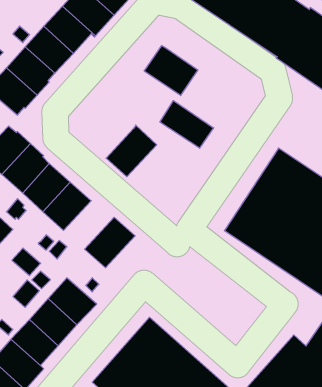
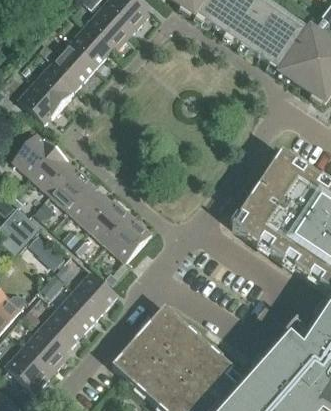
building: [144,46,198,96] -> none
building: [160,101,214,148] -> none
building: [106,125,157,177] -> [86,198,132,245]

